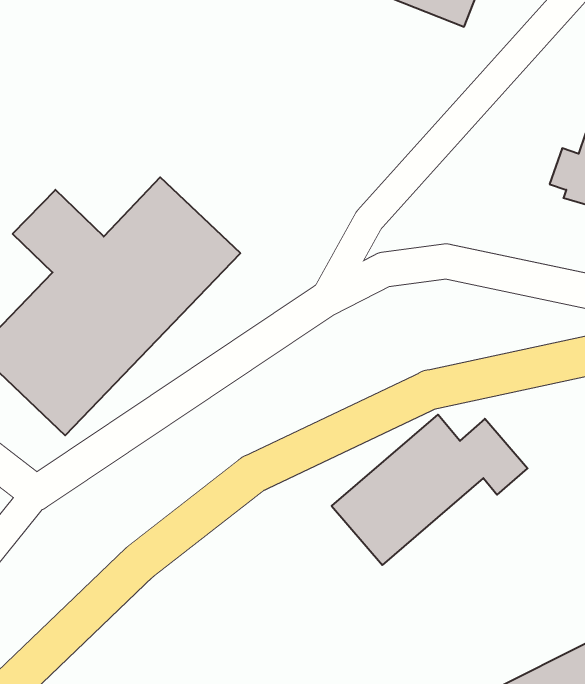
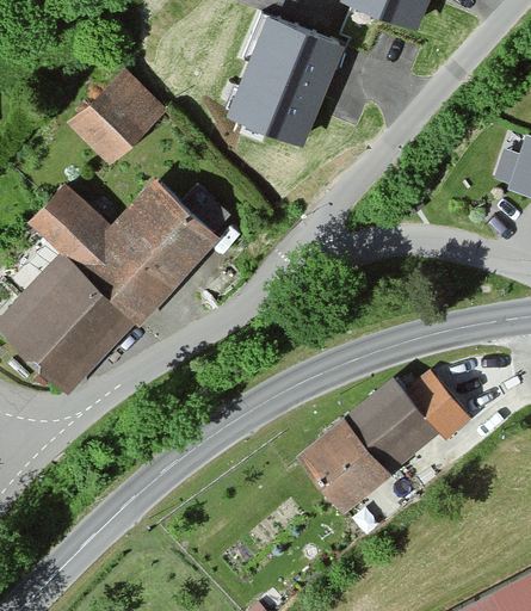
building: none -> [227,21,346,156]
building: none -> [69,72,159,160]

